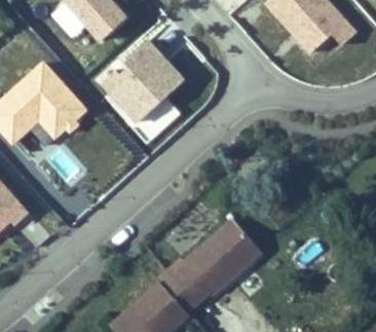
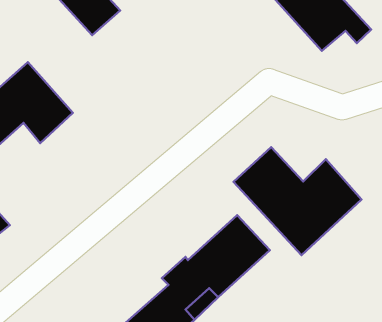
building: [97,41,187,144] -> none
building: none -> [233,147,362,255]

